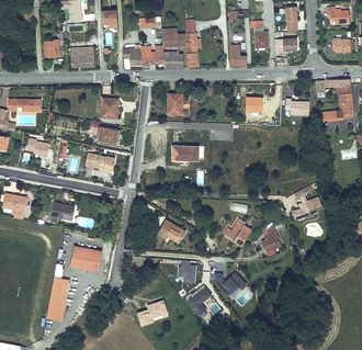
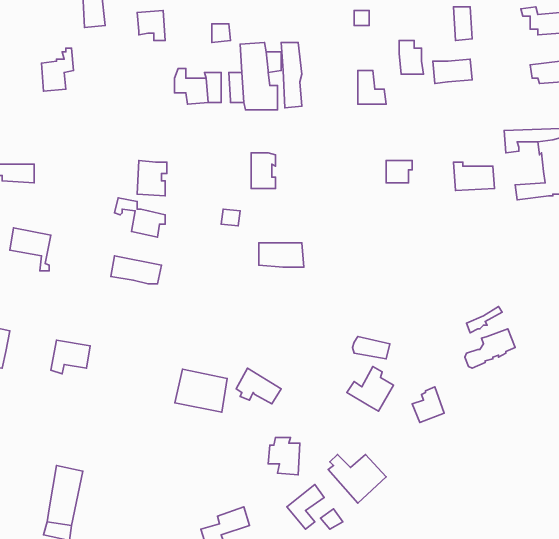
building: [70,47,94,67] -> none
building: [70,246,101,271] -> [175,369,227,412]

